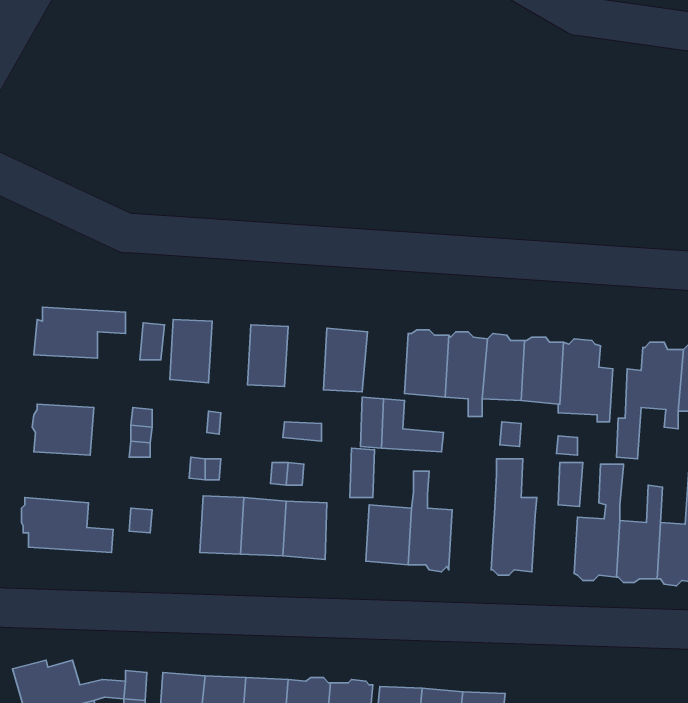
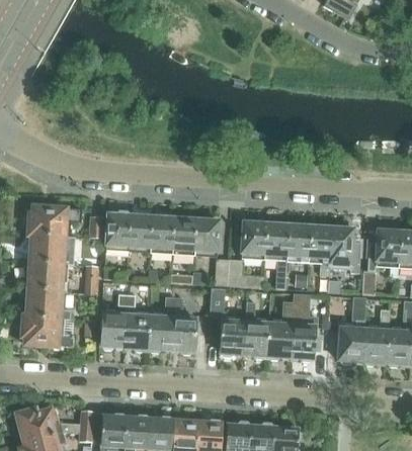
building: none -> [129,214,153,251]
building: none -> [172,217,196,254]
building: none -> [28,234,65,264]
building: none -> [23,289,61,319]
building: none -> [266,302,294,359]
building: none -> [100,312,126,347]

